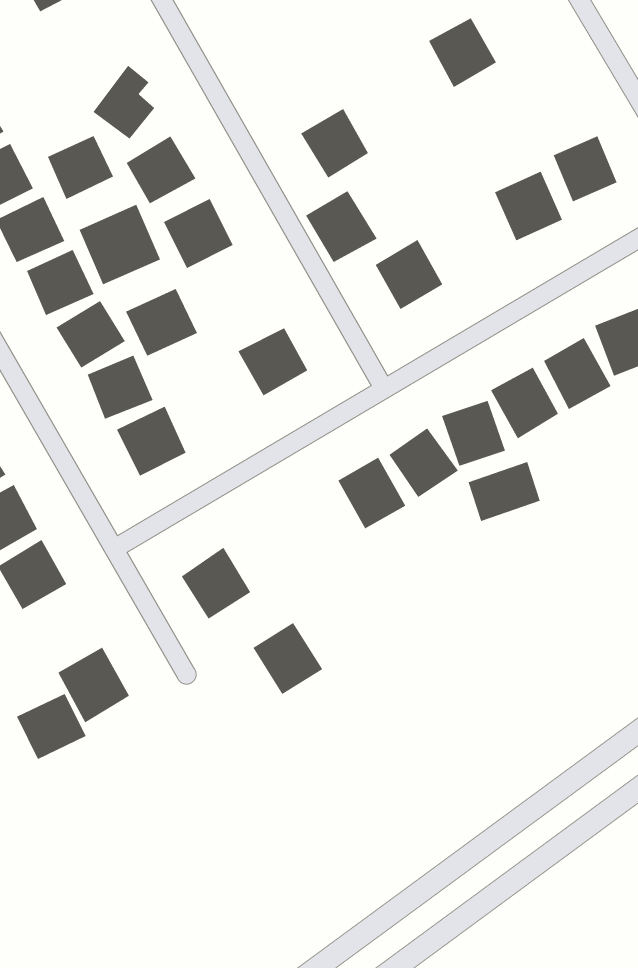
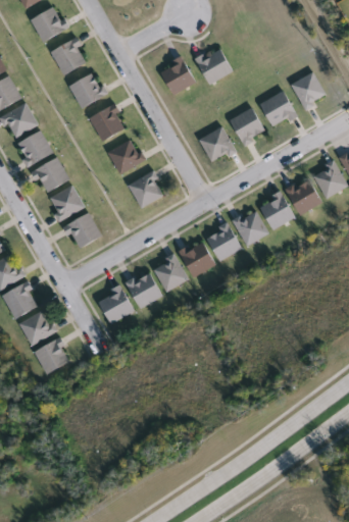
building: none -> [31,7,66,42]
building: [428,17,497,88] -> [197,48,233,85]
building: [47,135,114,200] -> none
building: [305,190,378,263] -> none
building: [79,204,161,285] -> none
building: none -> [232,108,265,144]
building: [125,288,198,357] -> [107,139,145,174]
building: [468,461,540,522] -> none
building: none -> [152,255,189,293]
building: [253,622,323,695] -> [126,271,162,309]
building: [16,693,87,760] -> [19,311,56,346]

